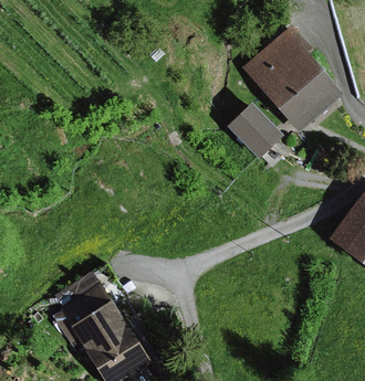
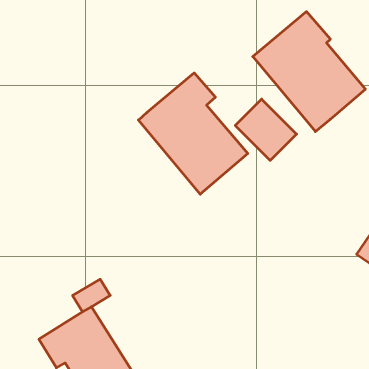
building: none -> [138,73,248,194]

